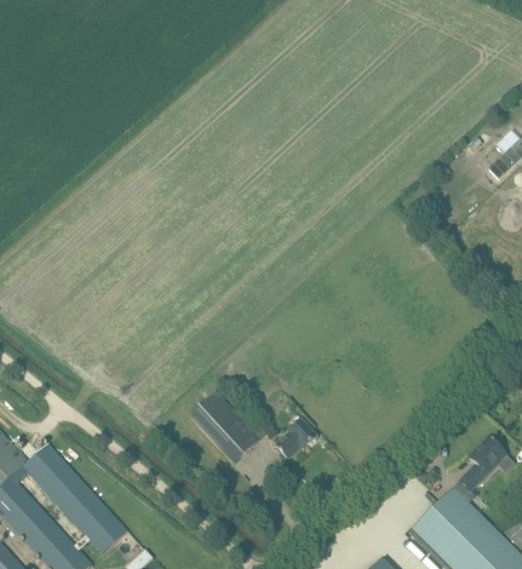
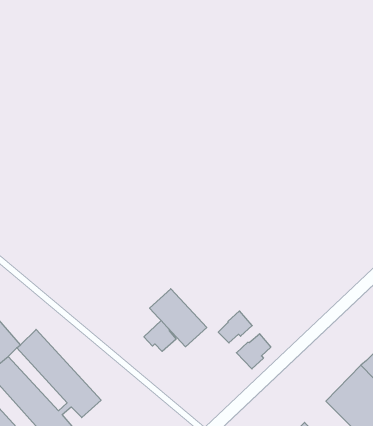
building: none -> [144,321,176,351]
building: none -> [236,334,271,369]

